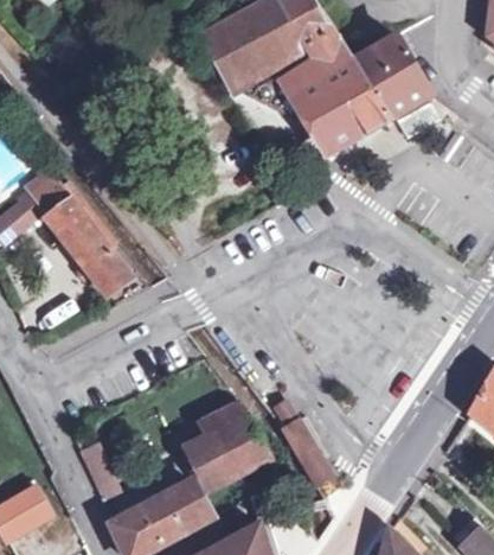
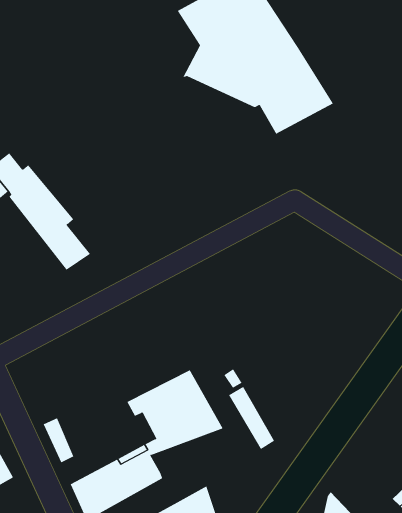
building: [200,20,249,91] -> none
building: [354,36,431,119] -> none

